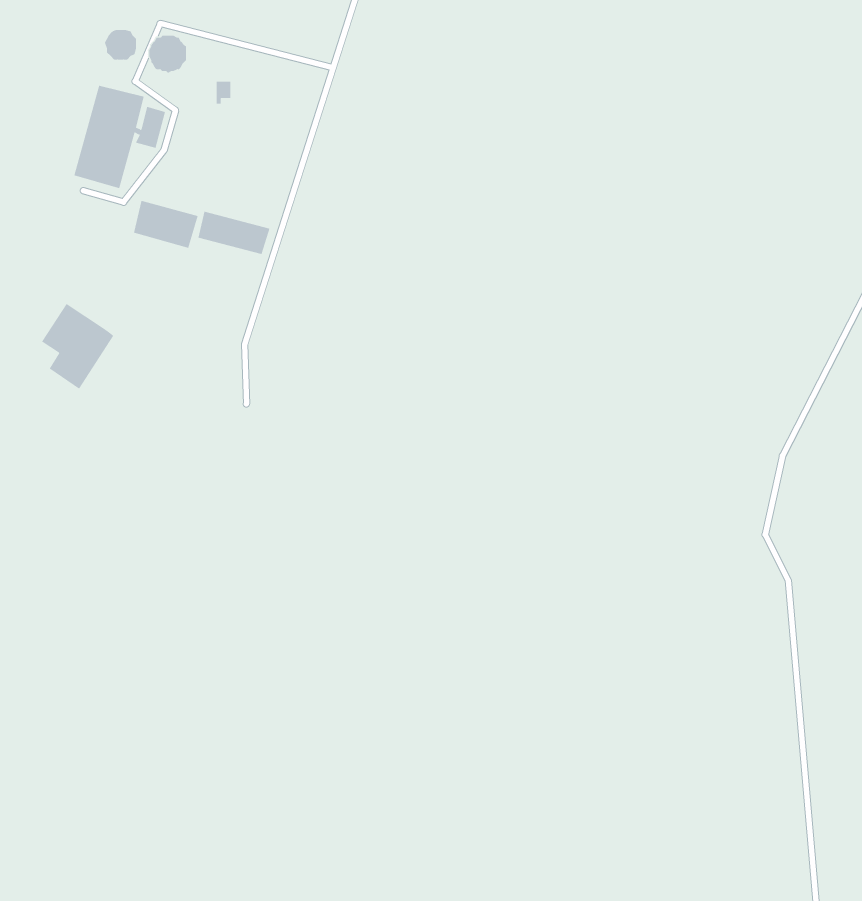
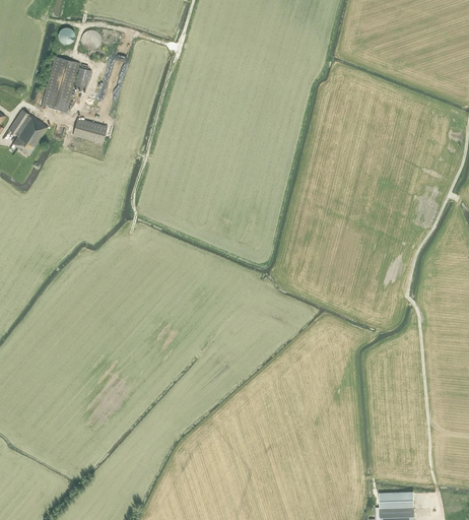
building: [198,211,270,255] -> none
building: [41,303,114,389] -> [8,110,47,155]

